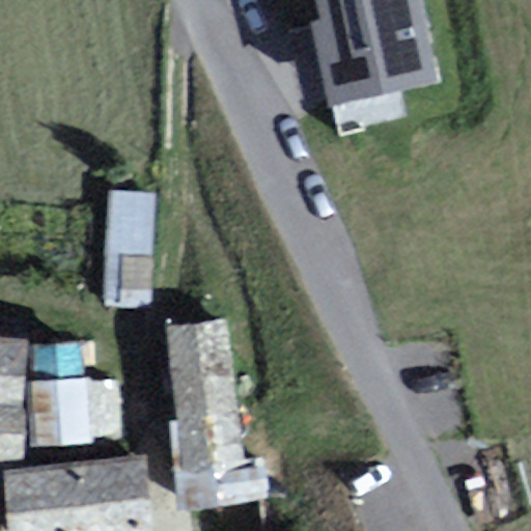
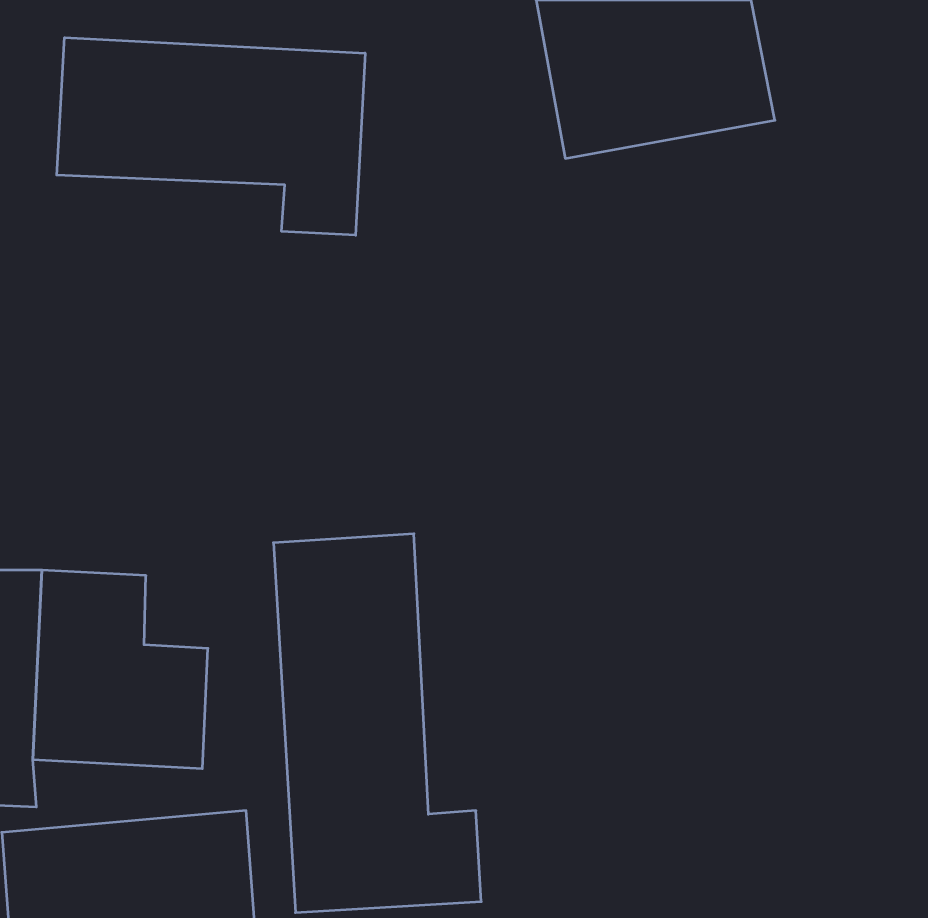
building: none -> [57,38,365,235]
building: [106,185,161,307] -> none

